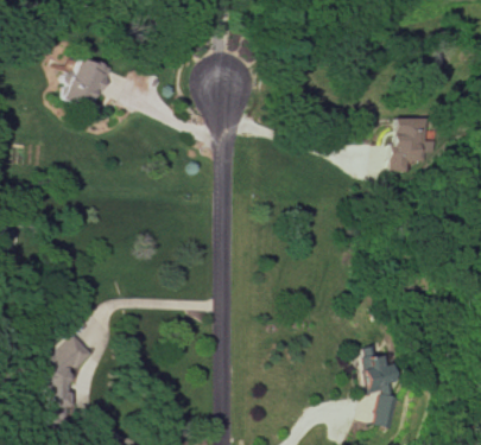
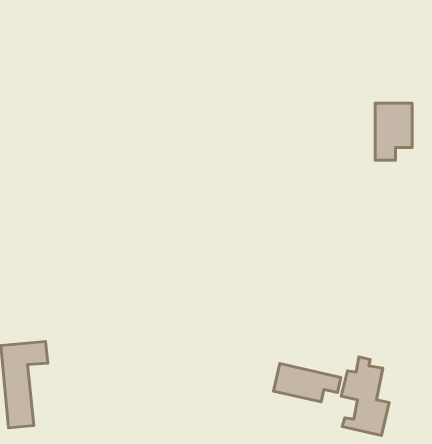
building: [64,55,113,112] -> none
building: none -> [274,364,341,402]

